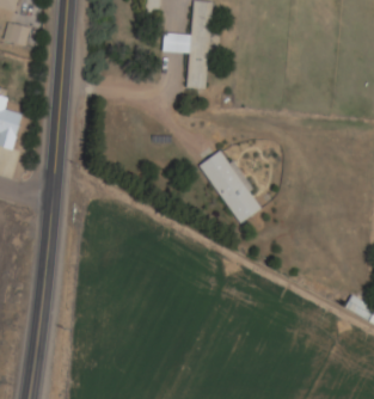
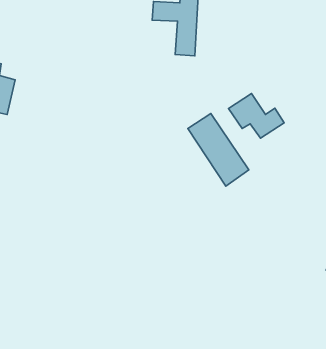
building: none -> [229,94,284,138]

